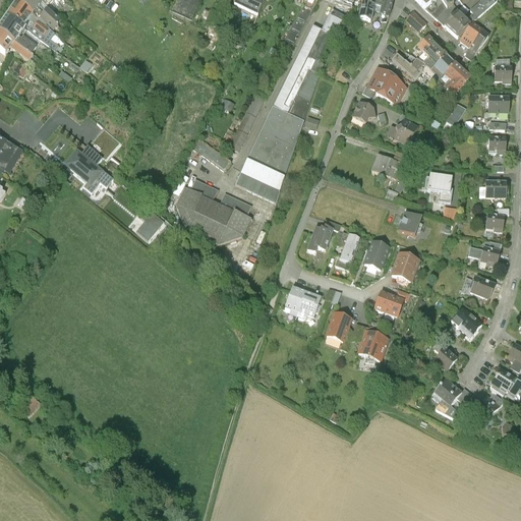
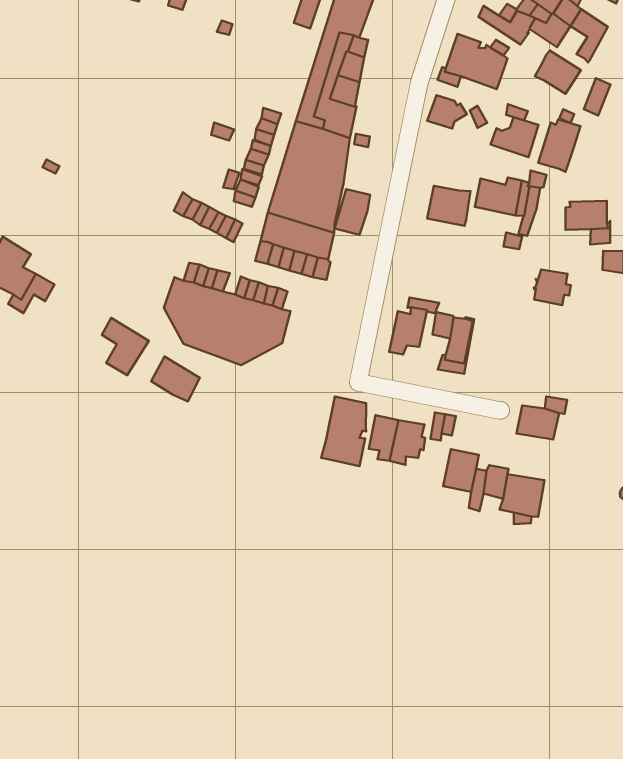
building: none -> [535,51,581,94]
building: none -> [538,120,581,172]
building: none -> [334,189,370,235]
building: none -> [427,186,470,226]
building: none -> [151,357,200,401]
building: [363,241,388,269] -> none
building: [391,253,417,282] -> none
building: none -> [321,396,366,466]

